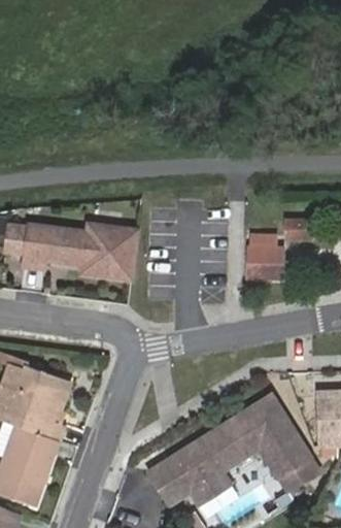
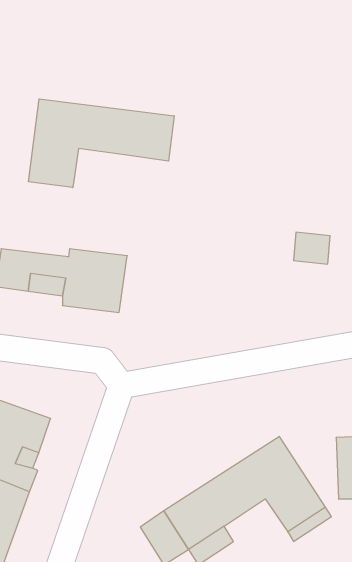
building: none -> [29,99,174,188]
building: [247,240,277,284] -> none

